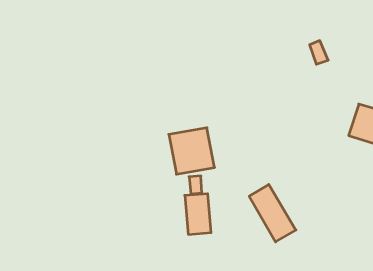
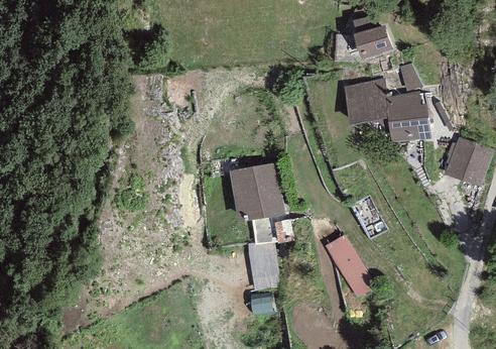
building: none -> [354,25,390,59]
building: none -> [343,78,428,140]

